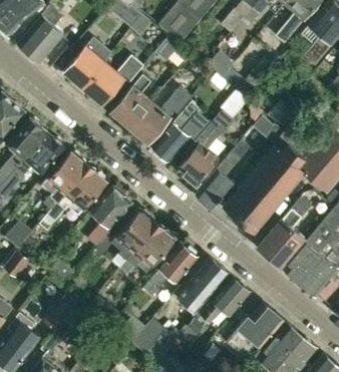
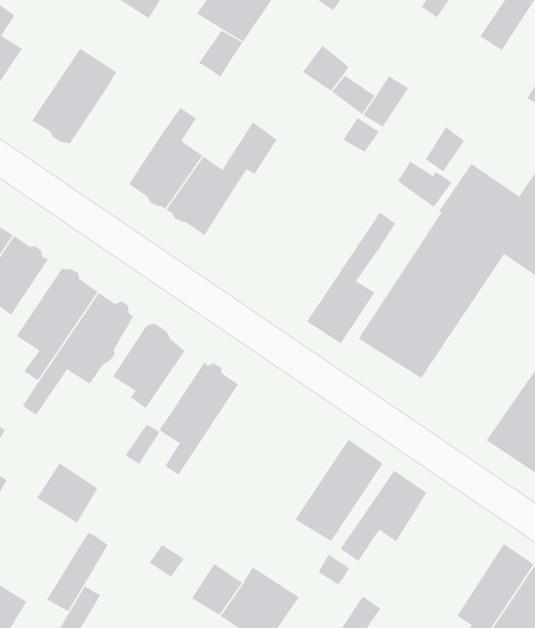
building: [83,57,144,105] -> none
building: [153,102,201,162] -> none
building: [180,111,235,184] -> none
building: [259,200,310,267] -> none
building: [120,225,175,275] -> none
building: [144,245,198,297] -> none
building: [226,305,284,357] -> none

